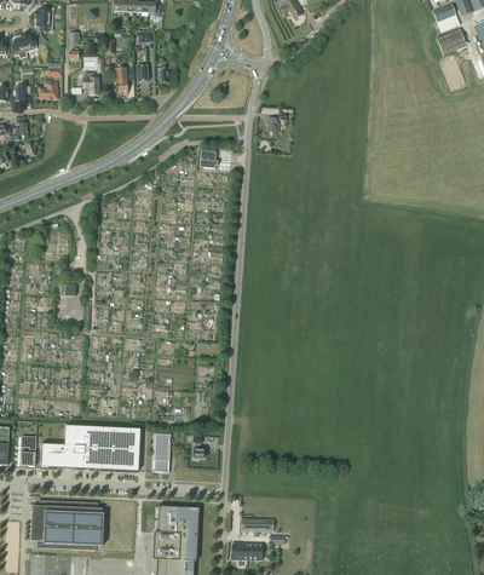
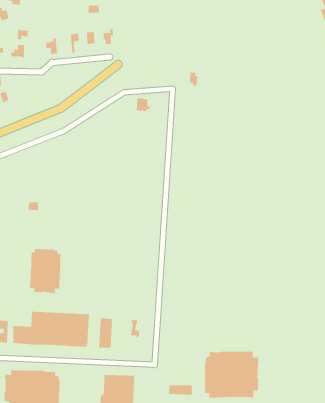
building: none -> [30,248,61,294]
building: none -> [204,351,259,398]

